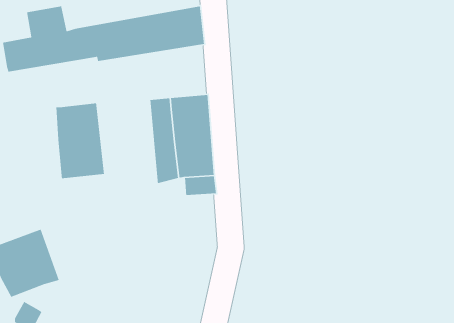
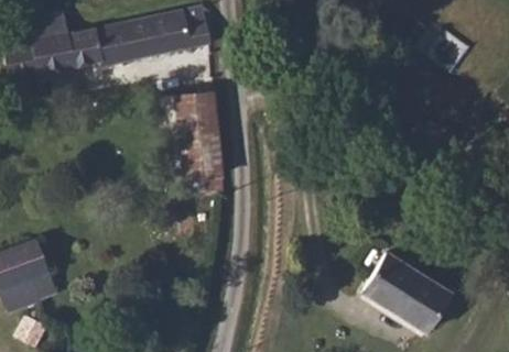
building: [56,103,105,179] -> none
building: none -> [359,240,448,324]

